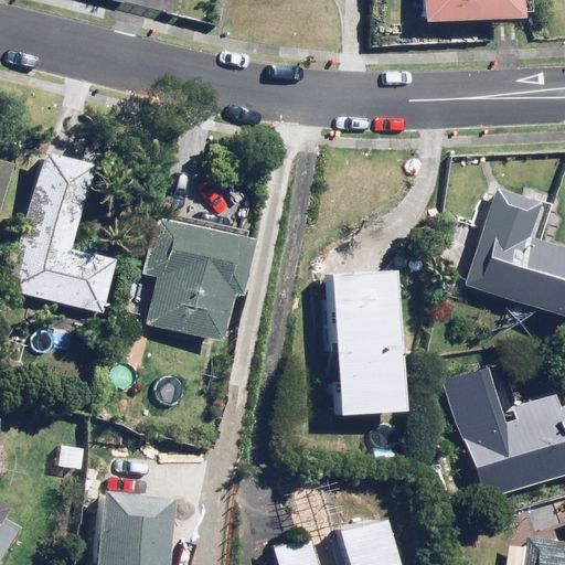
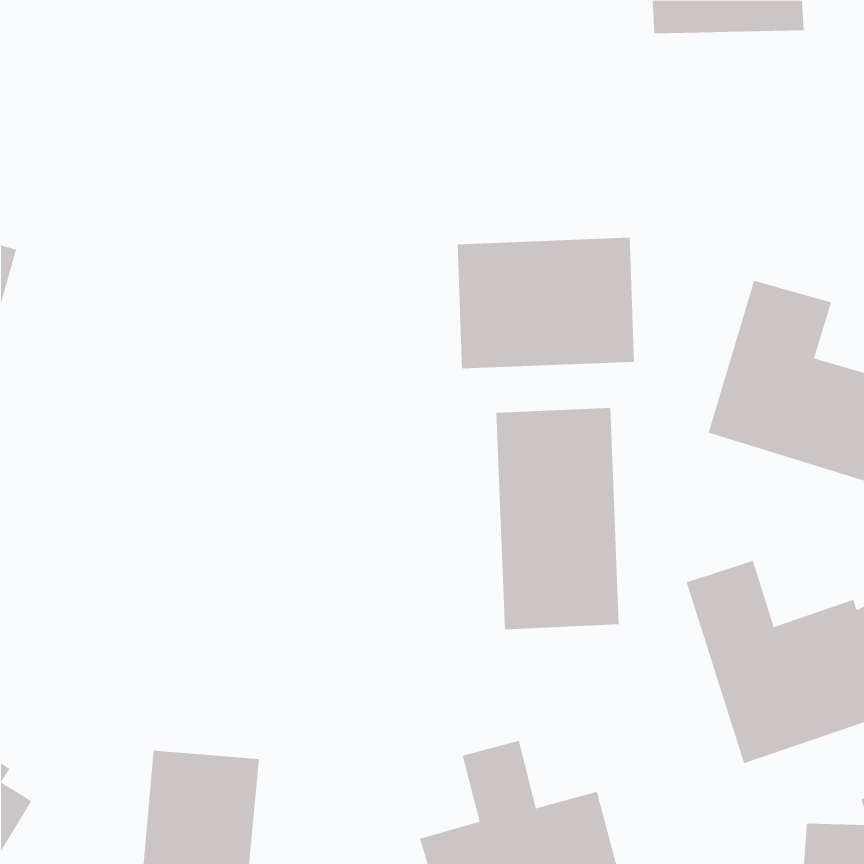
building: [8,153,117,333] -> none
building: none -> [457,237,635,369]
building: [142,217,259,341] -> none

